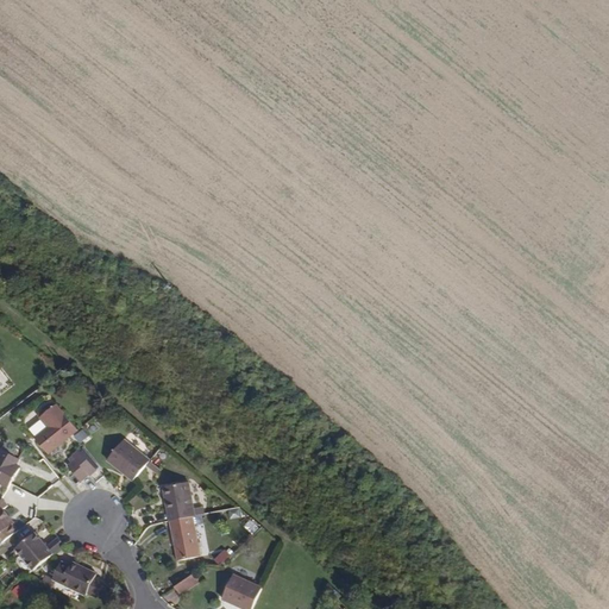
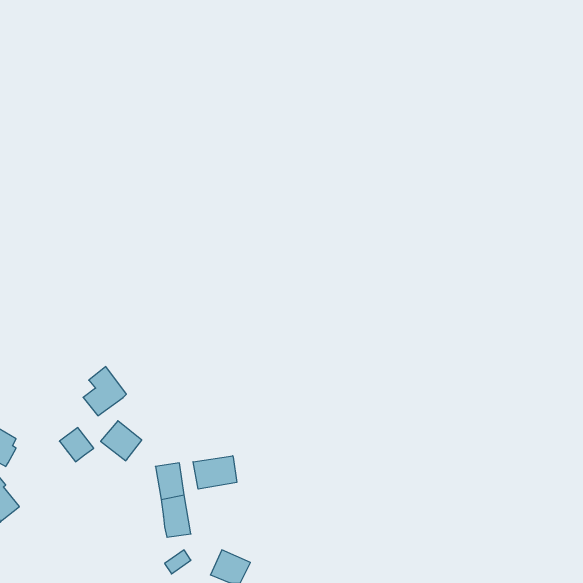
building: [31,401,76,452] -> [83,367,126,416]
building: none -> [193,456,237,489]
building: [12,529,63,570] -> none
building: [50,559,106,598] -> none

